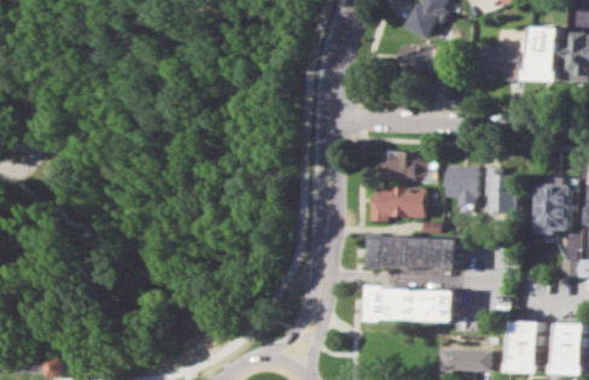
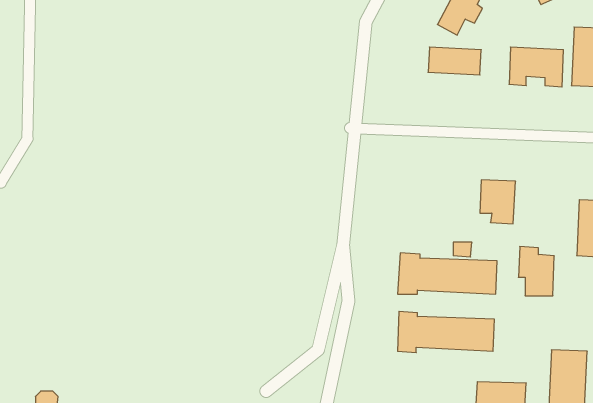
building: [378,152,433,180] -> none
building: [483,168,515,212] -> [518,247,554,296]
building: [367,186,422,222] -> none

